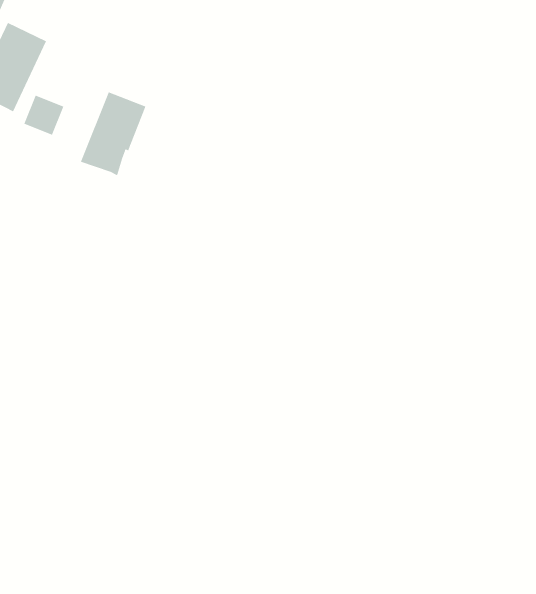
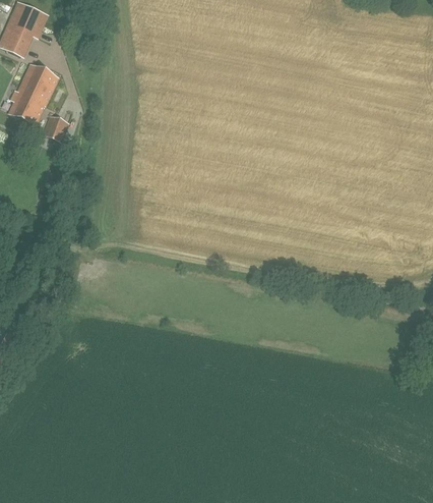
building: [80,91,146,176] -> none

